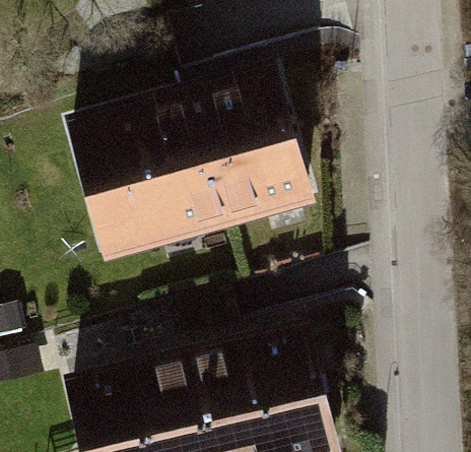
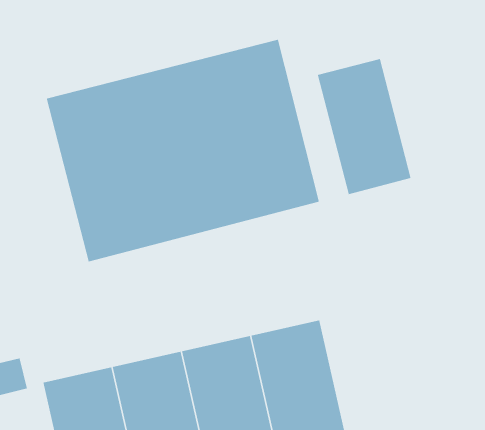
building: none -> [317,58,412,195]

